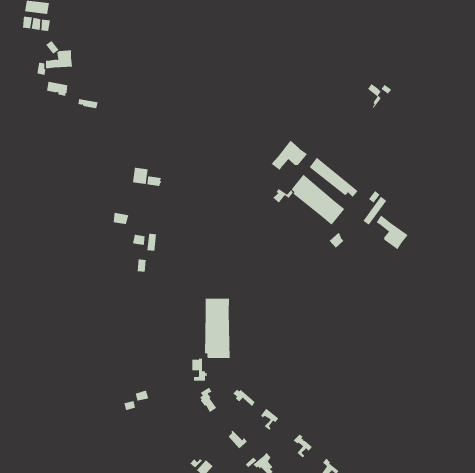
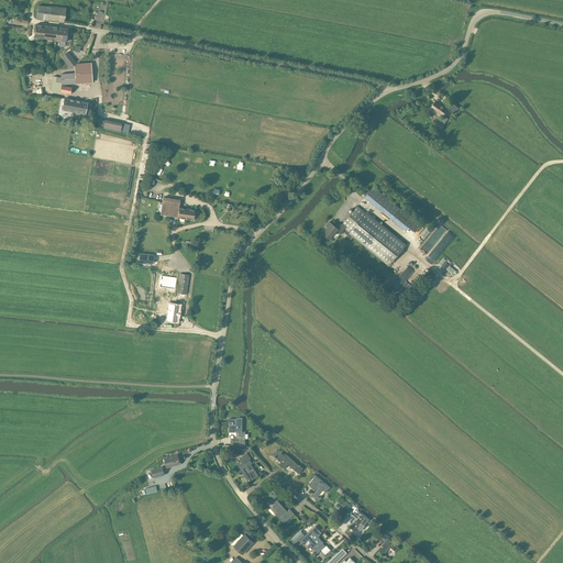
building: [271,140,308,171] -> none
building: [376,215,408,250] -> none
building: [204,298,230,359] -> none

